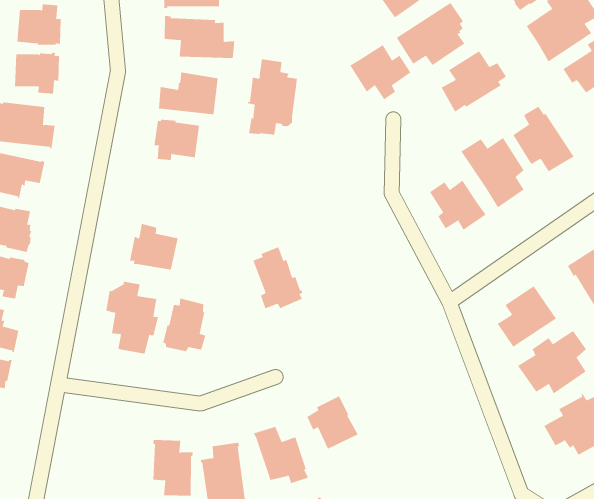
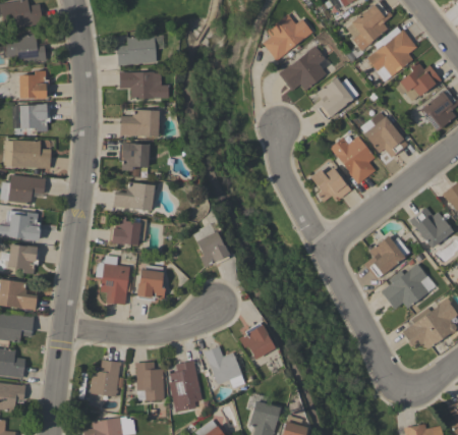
building: [349,44,411,100] -> none
building: [248,59,297,136] -> none
building: none -> [113,181,155,211]
building: none -> [90,360,126,397]

